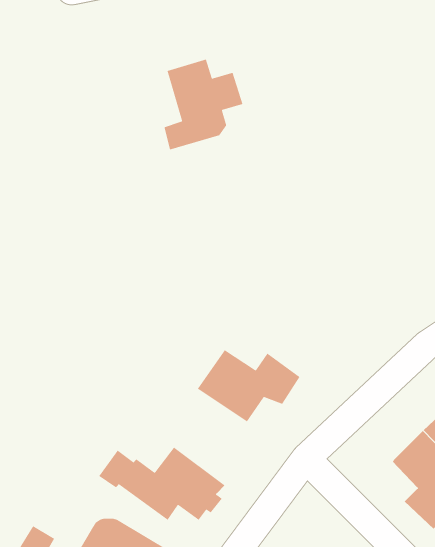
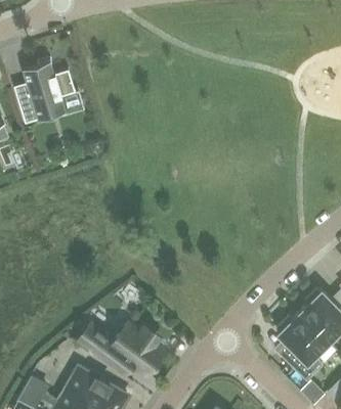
building: [163,59,244,151] -> [20,60,76,124]
building: [197,349,301,422] -> none

